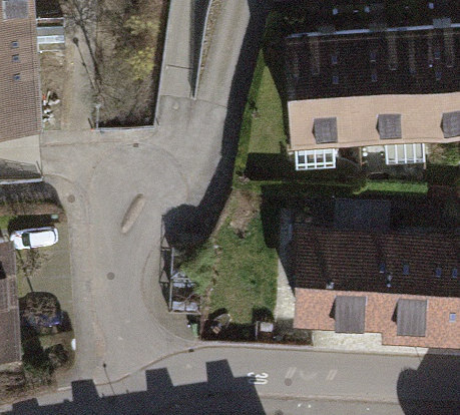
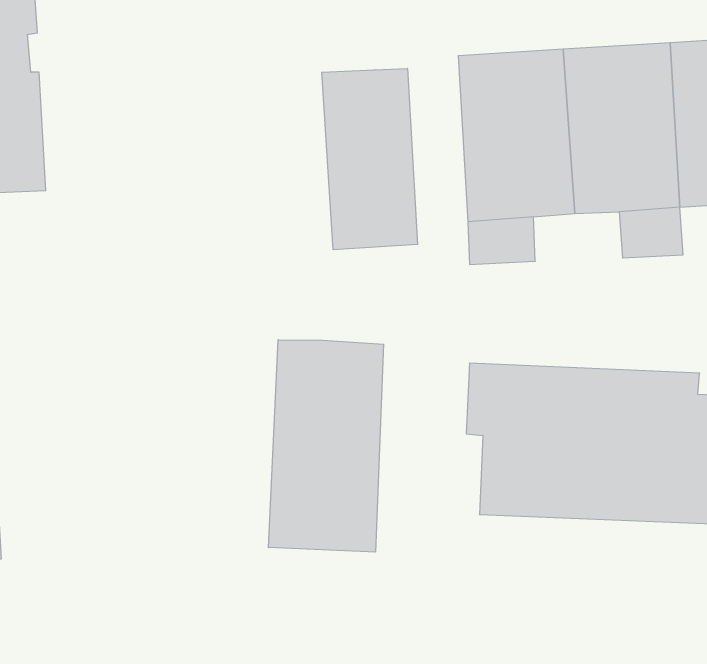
building: none -> [322,68,417,250]
building: none -> [268,340,384,552]

